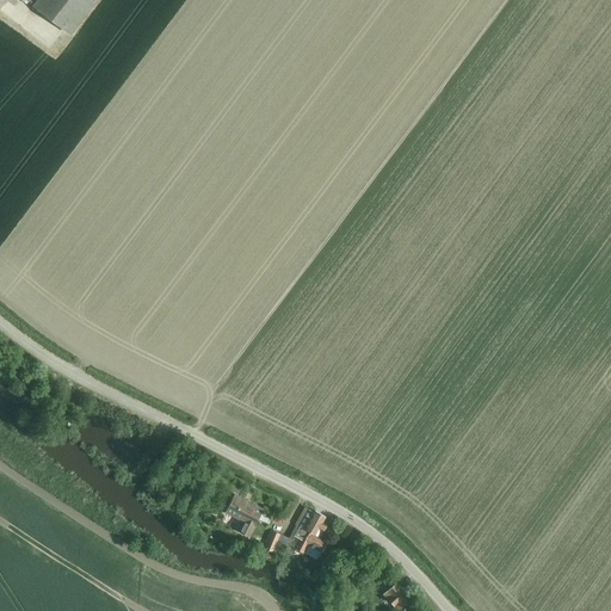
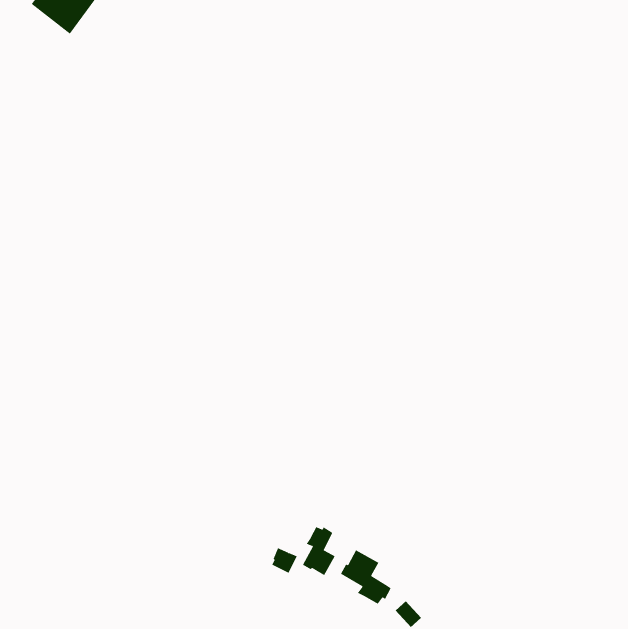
building: [222,493,260,536] -> none
building: none -> [340,549,391,604]

